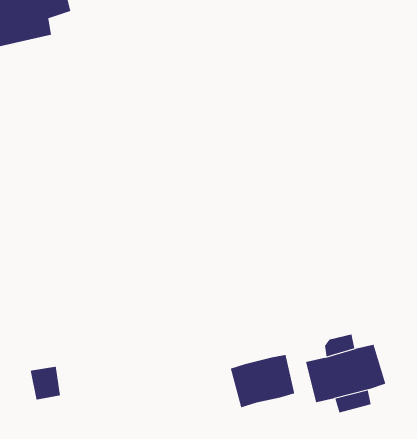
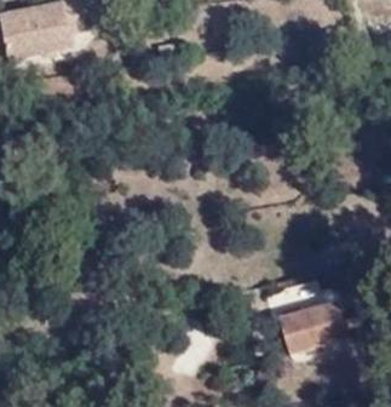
building: [230,354,295,408] -> none

